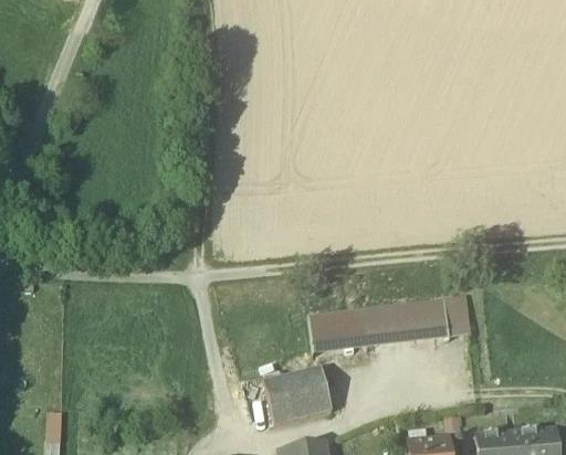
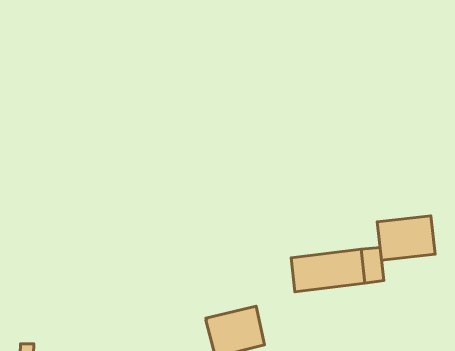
building: none -> [377,216,435,260]
building: [308,307,367,352] -> none

